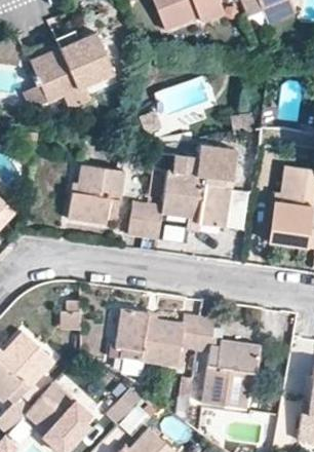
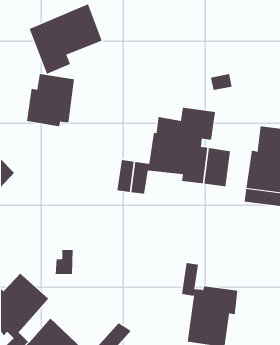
building: [69,168,122,227] -> [26,73,75,127]
building: [111,311,204,366] -> none

